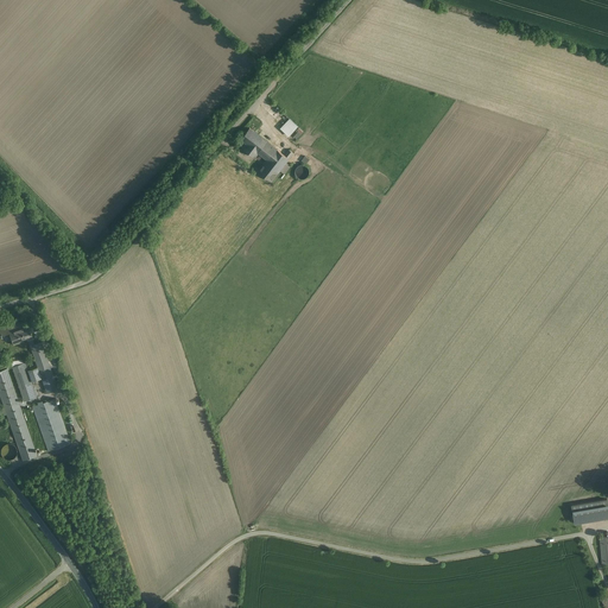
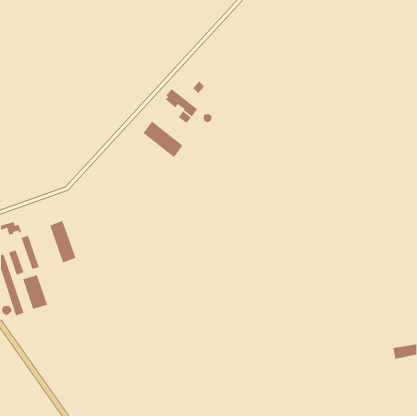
building: none -> [142,120,184,158]
building: none -> [49,220,76,264]

